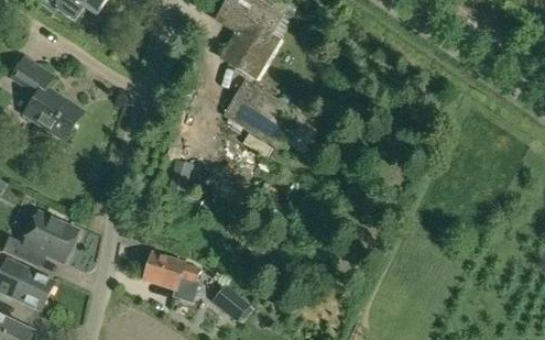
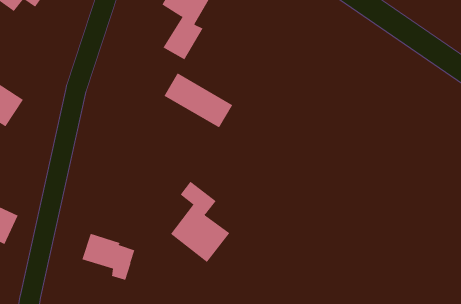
building: none -> [170,181,230,263]
building: [210,282,250,319] -> none

